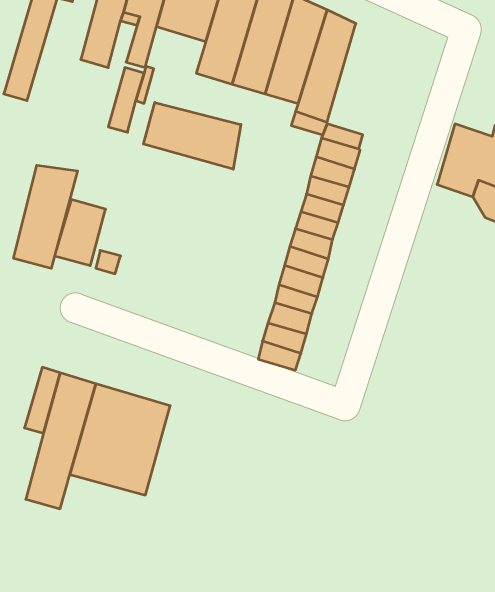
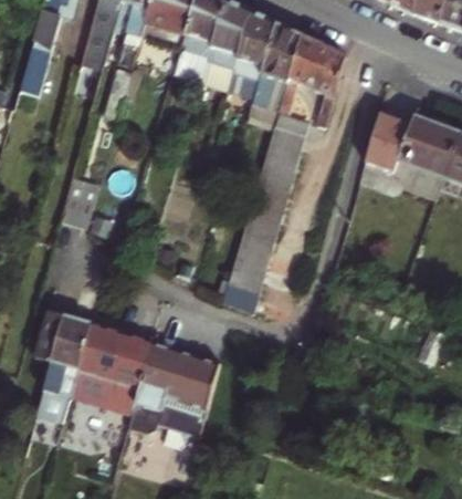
building: none -> [280,32,348,128]
building: [143,102,241,169] -> none
building: [14,165,78,268] -> none
building: none -> [128,340,220,435]

